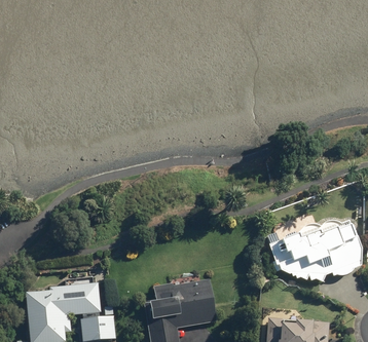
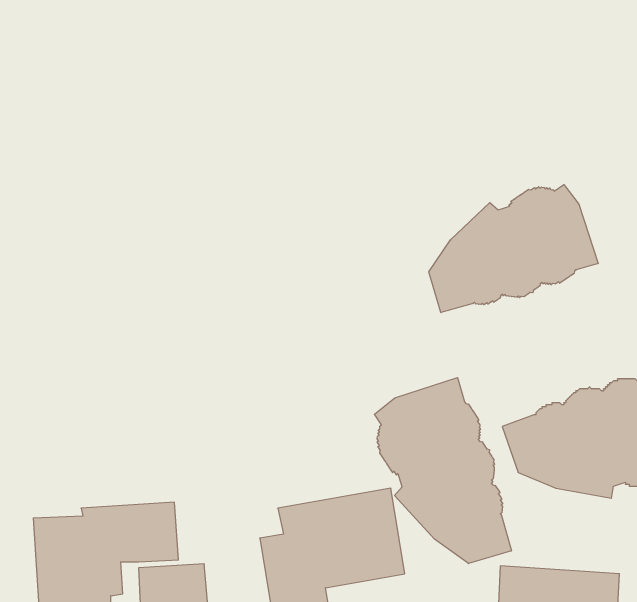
building: none -> [429,185,598,313]
building: none -> [374,378,511,564]

